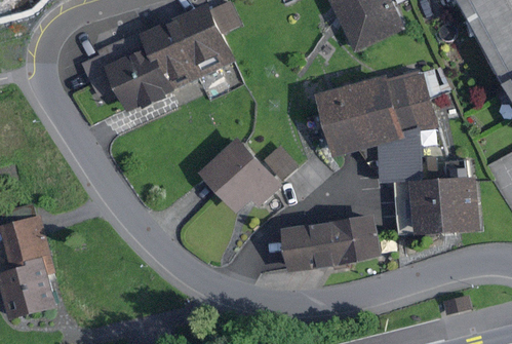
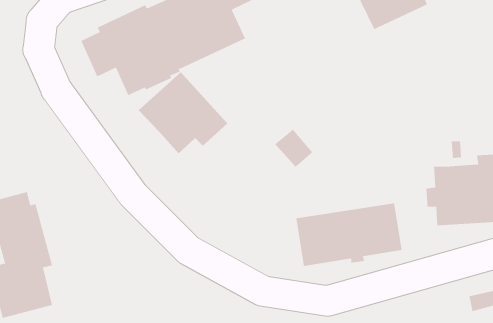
building: [314,66,449,182] -> none
building: [197,138,281,215] -> [138,72,228,154]

